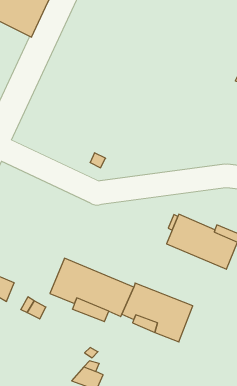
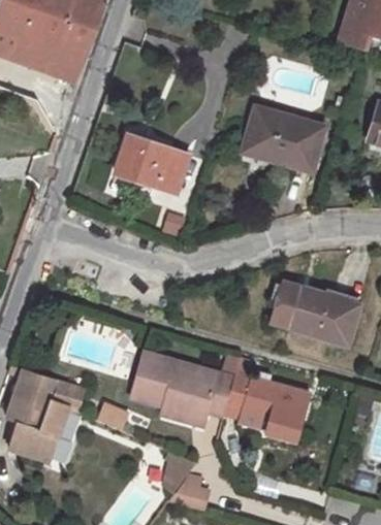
building: none -> [245,109,323,171]
building: none -> [116,134,189,194]

